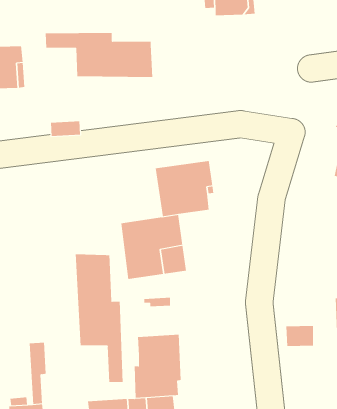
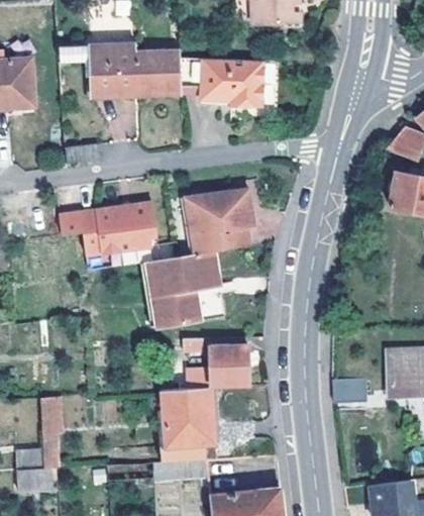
building: none -> [180,57,263,106]
building: none -> [55,201,152,254]
building: [75,254,123,383] -> none
building: none -> [210,336,264,388]

